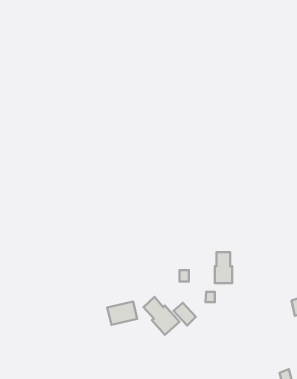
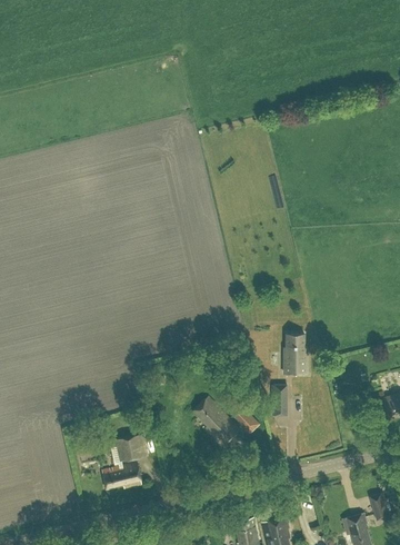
building: [107,302,137,325] -> [110,433,149,463]
building: none -> [102,464,140,488]

